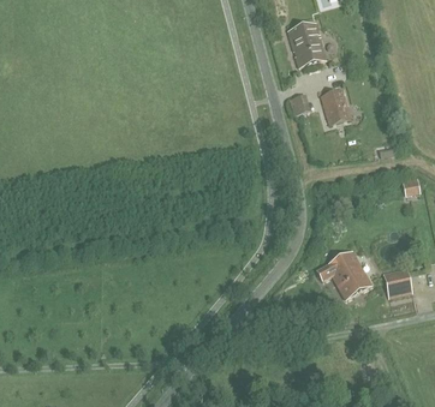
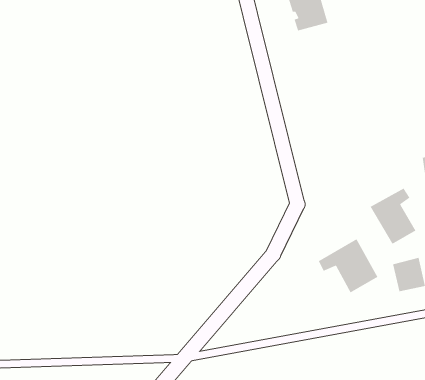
building: [320,89,350,122] -> none
building: none -> [370,188,417,245]

